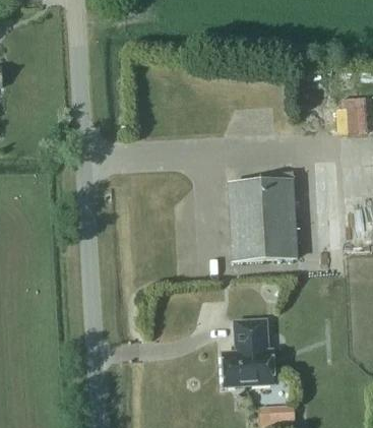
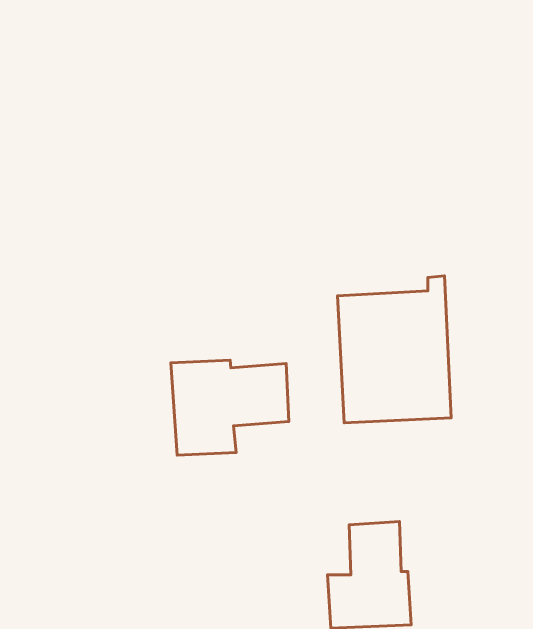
building: none -> [171,360,289,455]

